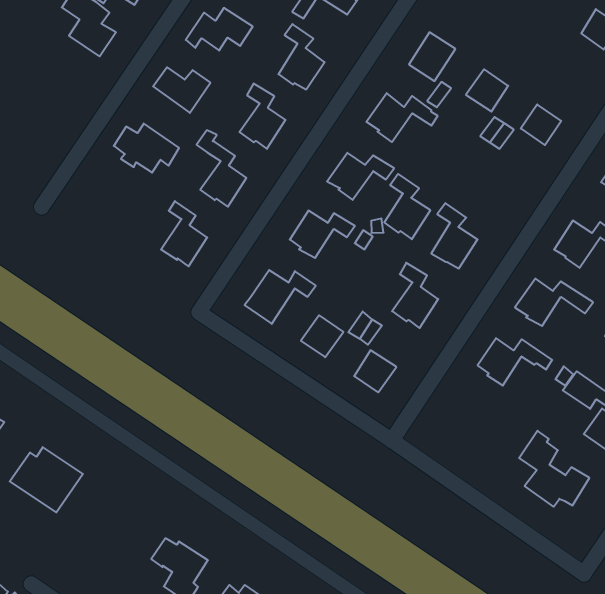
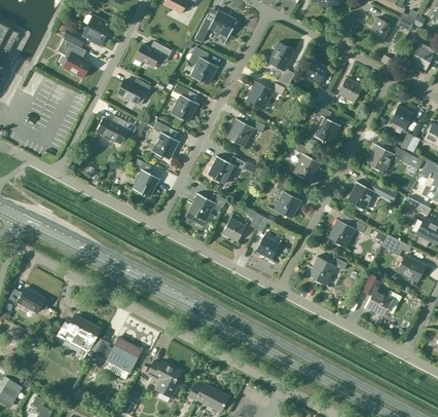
building: [384,174,430,239] -> [313,106,339,144]
building: none -> [308,257,346,285]
building: none -> [95,338,141,373]

